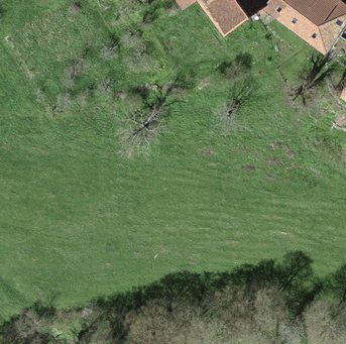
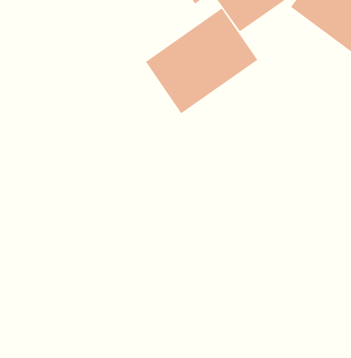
building: none -> [145,7,258,114]

